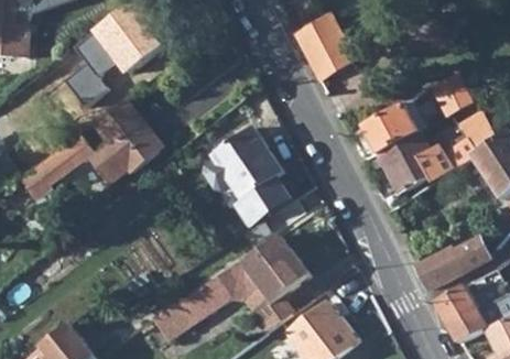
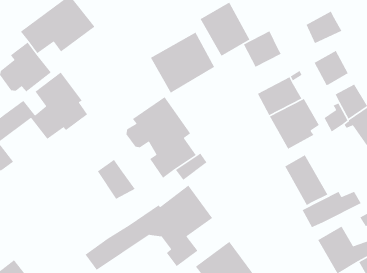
building: none -> [305,11,343,44]
building: none -> [243,30,282,68]
building: none -> [150,31,215,94]
building: none -> [284,154,328,206]
building: none -> [97,159,136,200]

